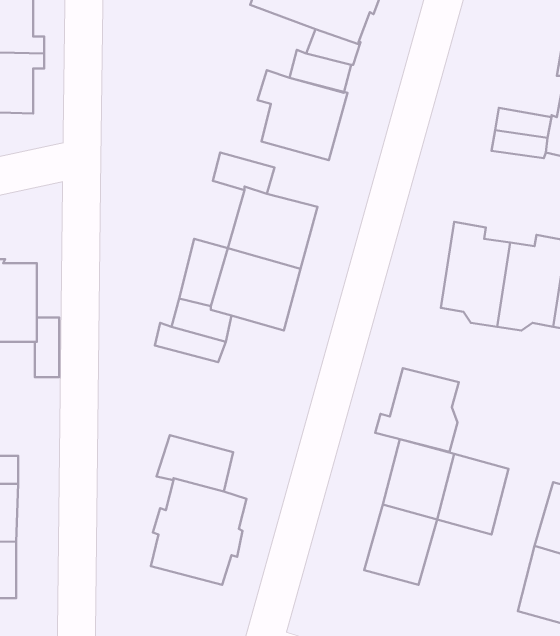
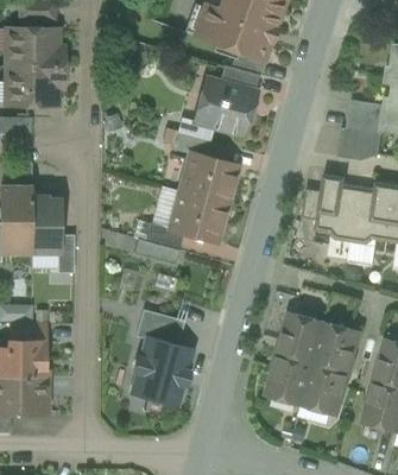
building: none -> [336,128,380,160]
building: [375,368,459,452] -> none
building: none -> [301,363,347,414]

